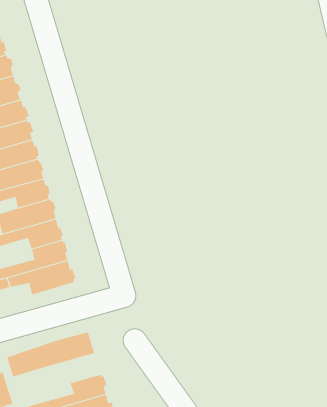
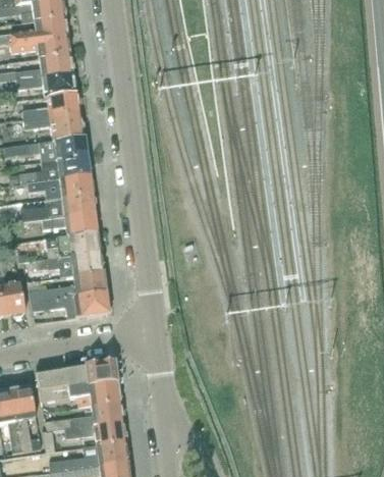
building: none -> [38,381,121,409]

